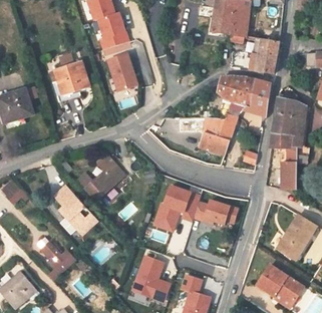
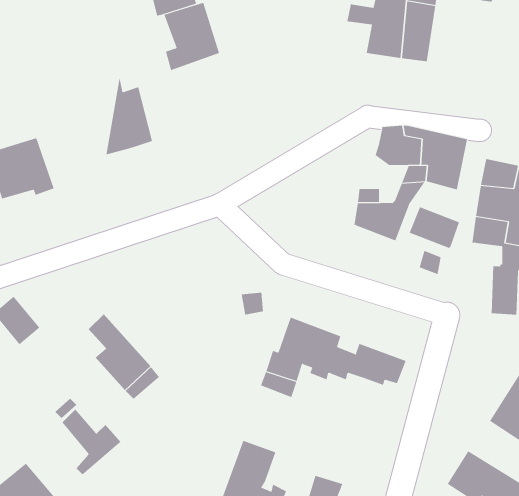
building: [253,37,277,73] -> none
building: [51,48,77,98] -> none
building: [105,48,135,86] -> none
building: [199,134,228,159] -> [409,206,460,249]
building: [77,156,122,201] -> none

